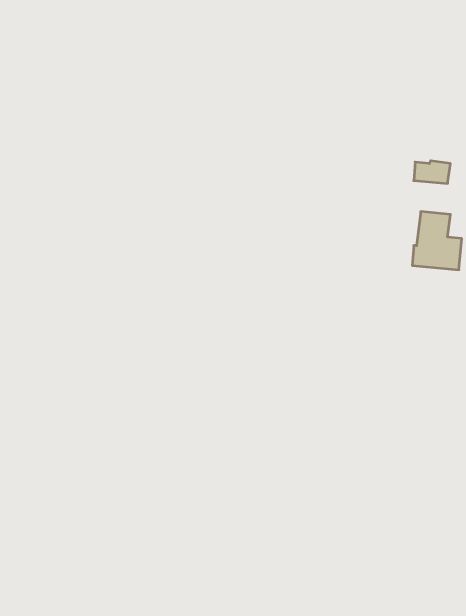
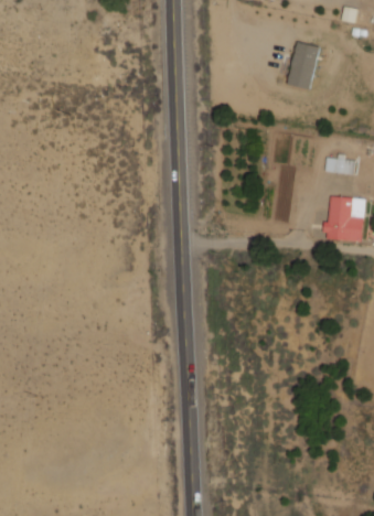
building: none -> [287,42,319,89]

